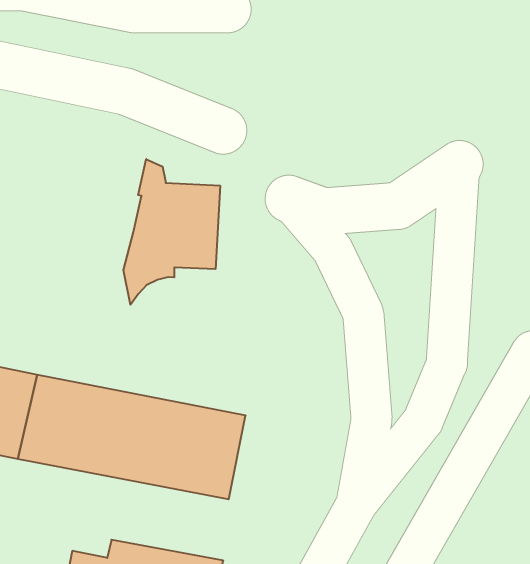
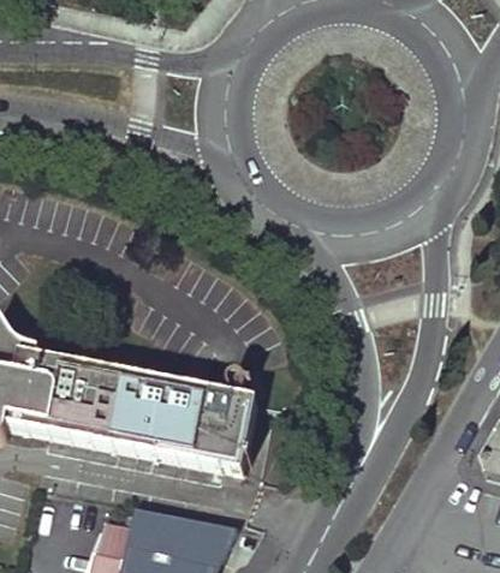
building: [123,159,220,305] -> none

